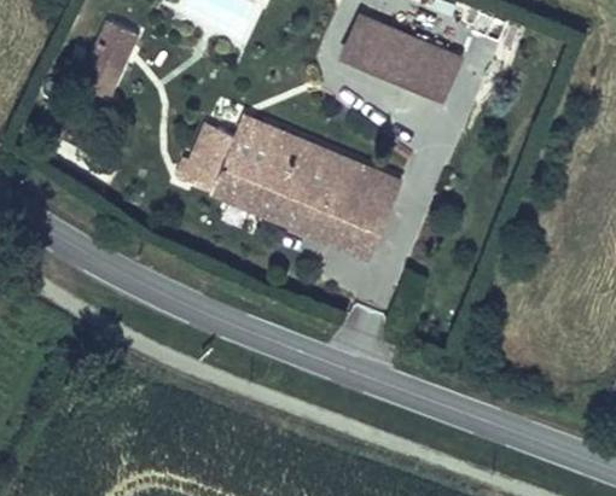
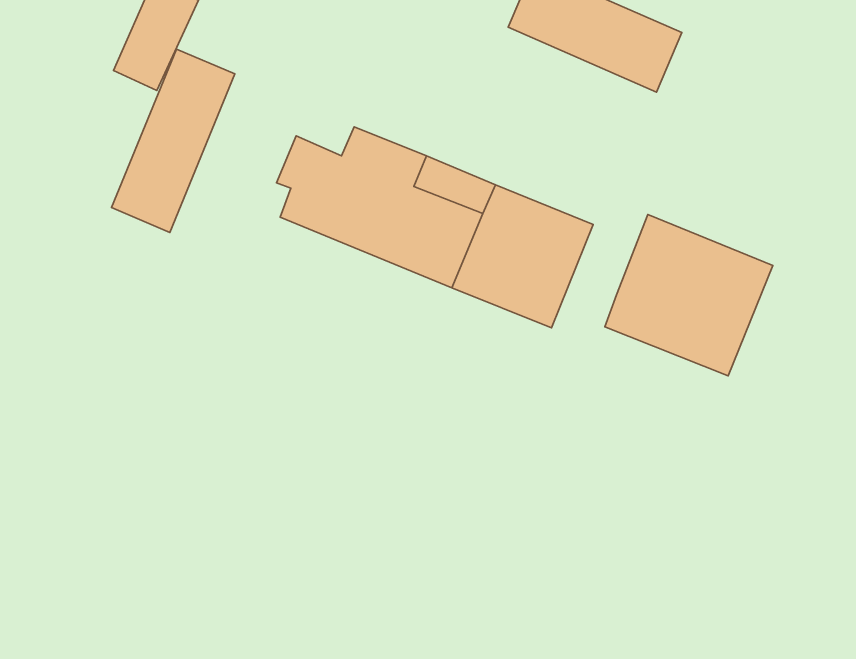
building: none -> [111,49,235,232]
building: none -> [605,215,773,376]

